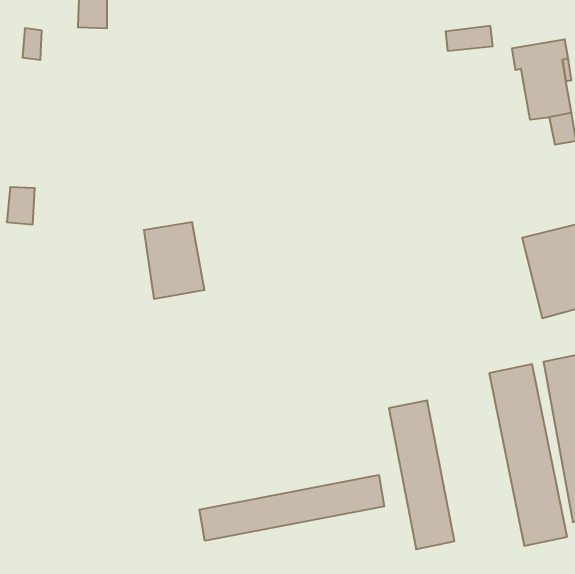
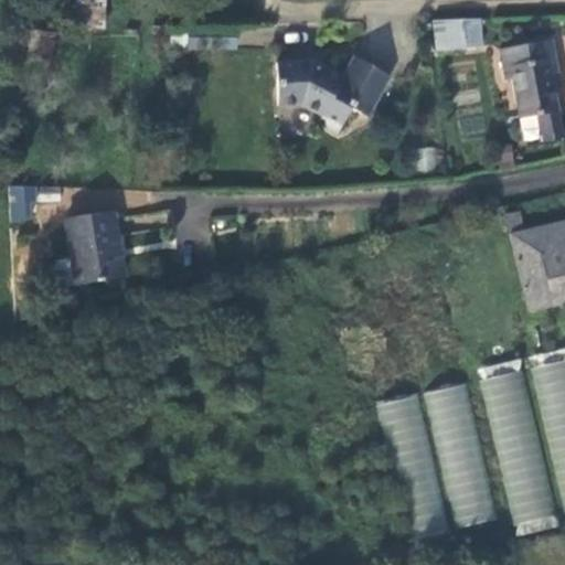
building: none -> [278,57,393,134]
building: [144,222,205,299] -> [67,210,127,285]
building: none -> [423,382,494,526]
building: [200,475,384,541] -> none

